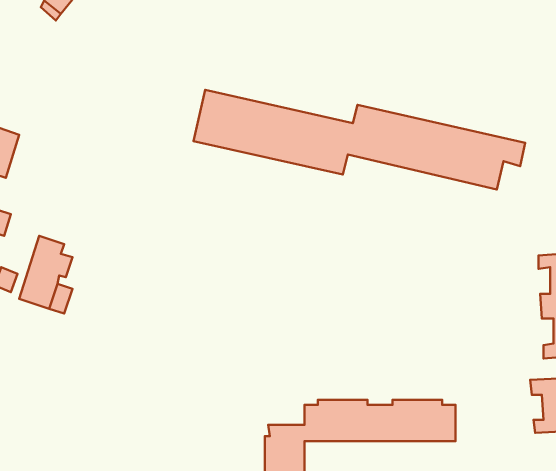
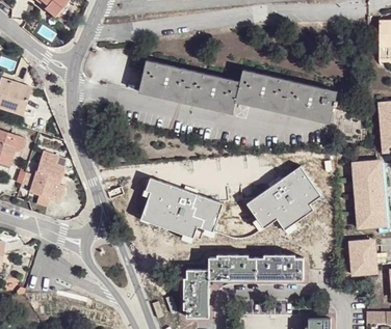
building: none -> [245,169,317,231]
building: none -> [139,181,221,239]

